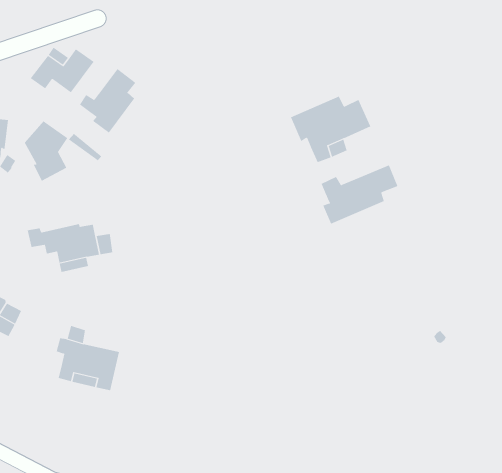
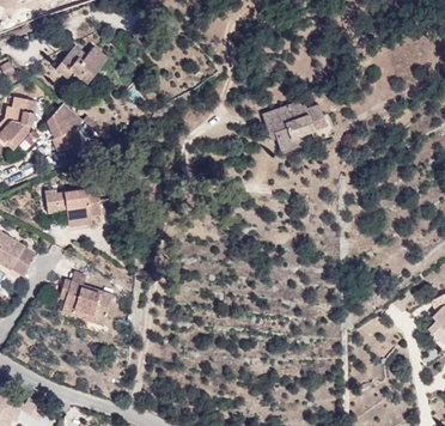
building: [79,68,136,133] -> none
building: [321,164,398,225] -> none

